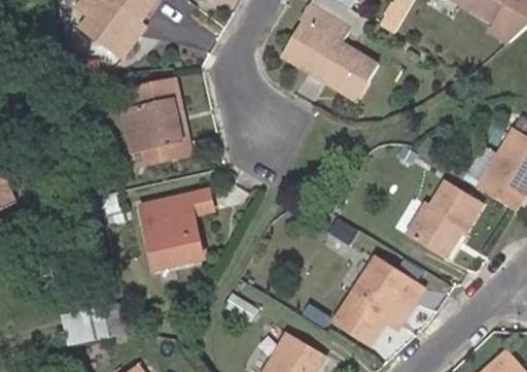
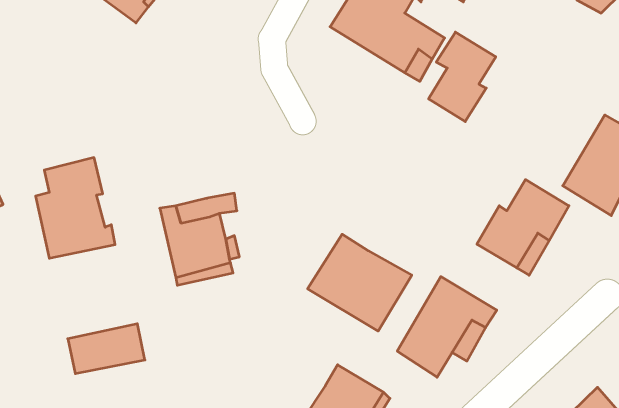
building: none -> [429,32,496,122]
building: [122,78,188,162] -> [36,158,115,258]
building: none -> [308,234,412,331]

